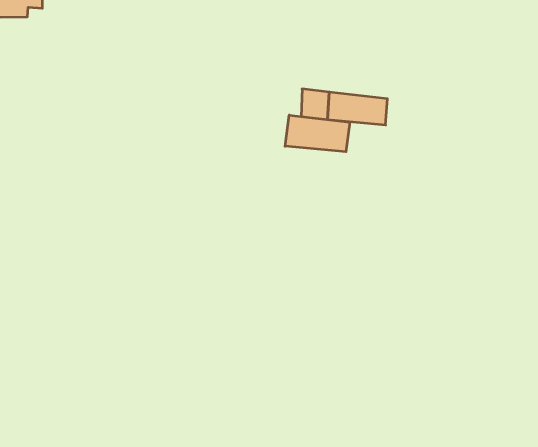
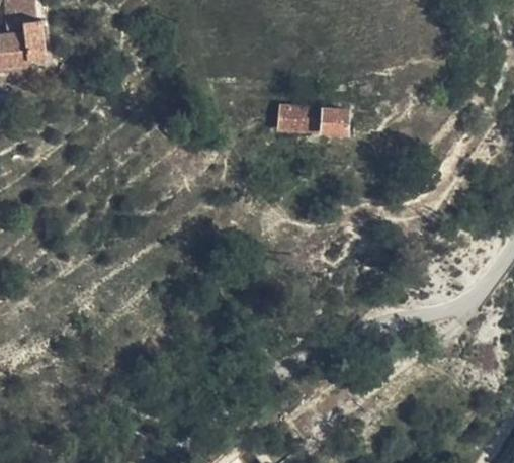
building: [285,115,350,152] -> none

